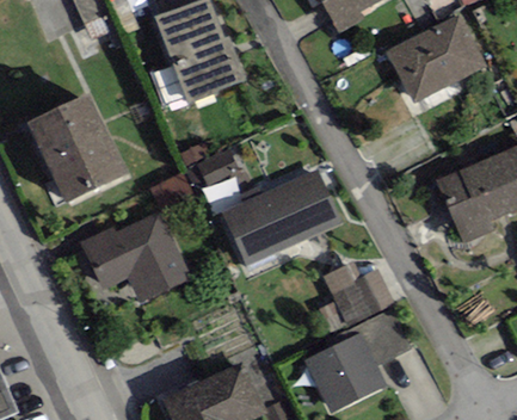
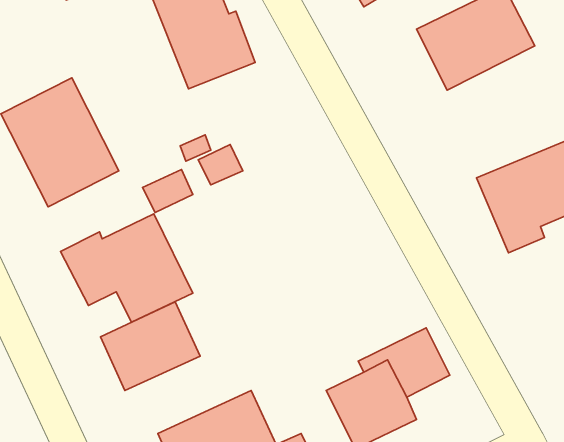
building: [221,168,341,266] -> none
building: [321,261,394,325] -> none
building: none -> [101,302,200,391]

